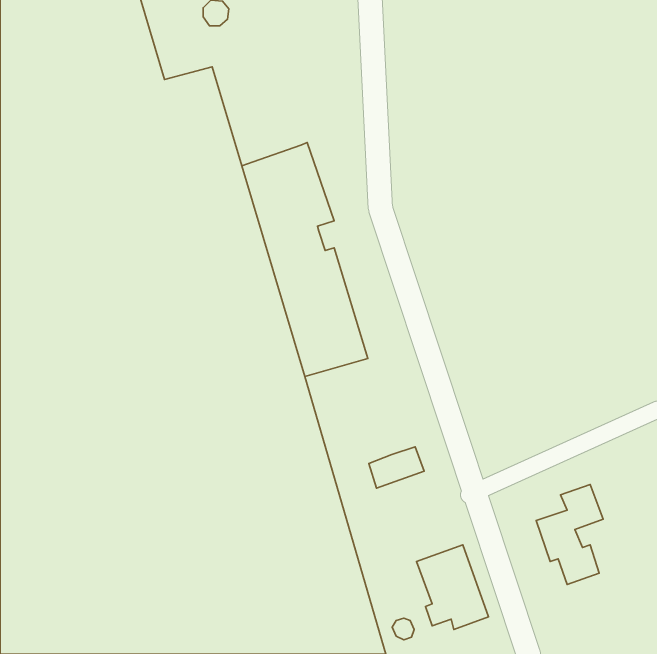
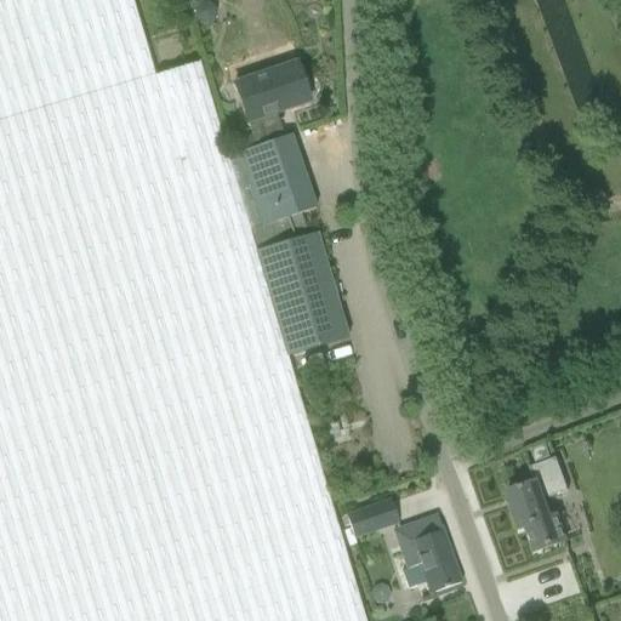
building: none -> [233,63,309,153]
building: [369,447,424,488] -> [346,500,398,539]

